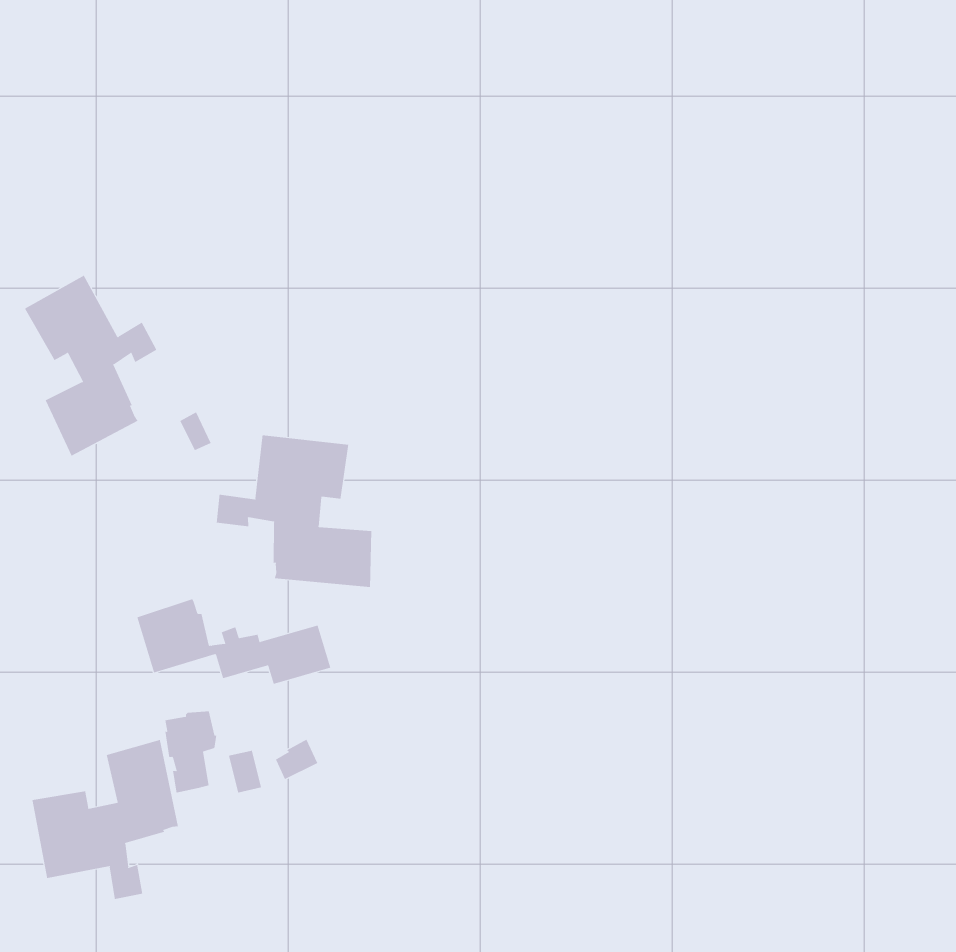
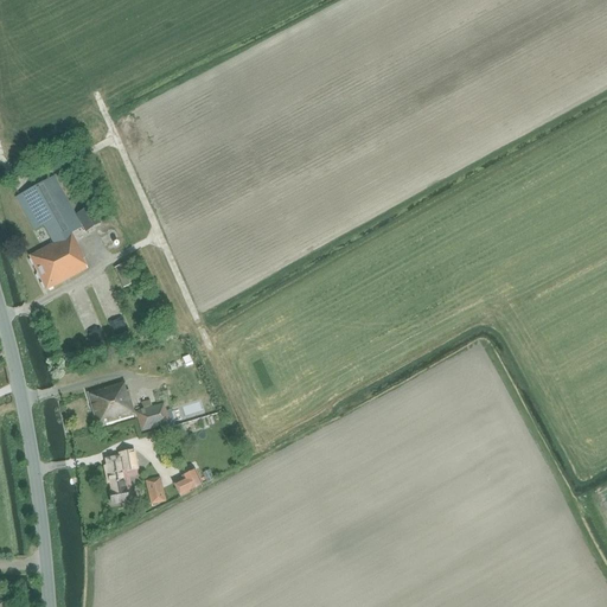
building: [216,434,372,588] -> none
building: [32,739,179,900] -> none

